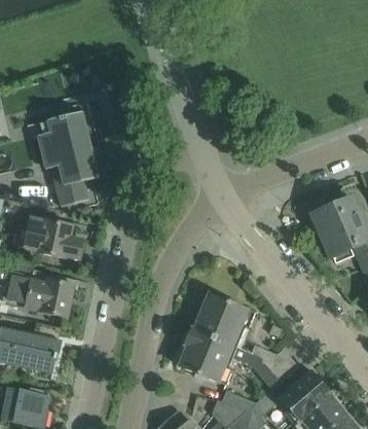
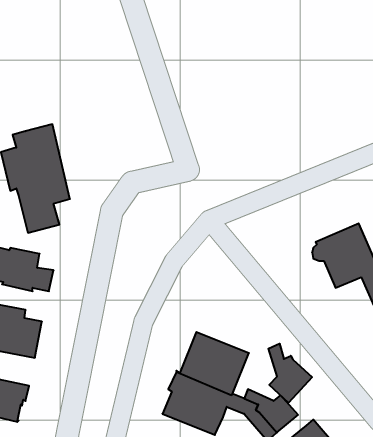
building: none -> [268,344,312,403]

